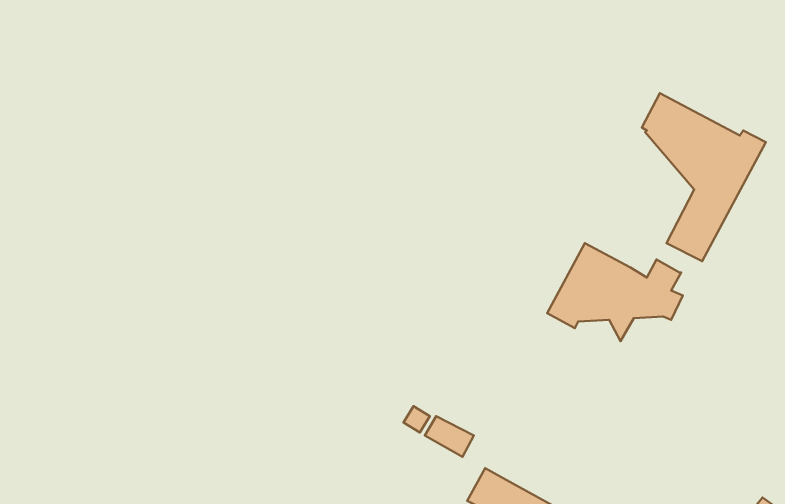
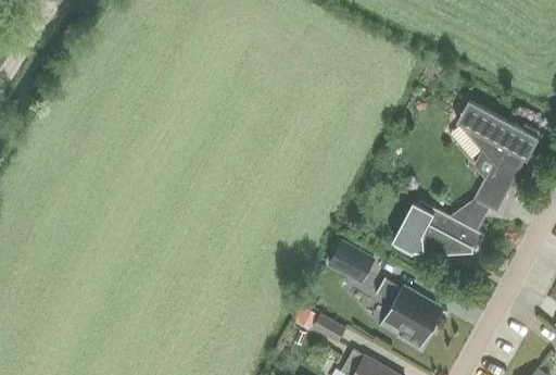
building: none -> [327,238,376,283]
building: none -> [376,276,447,351]

